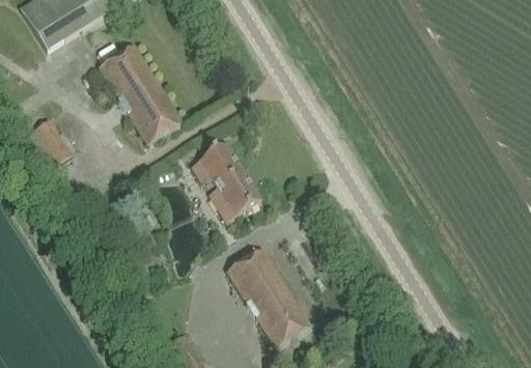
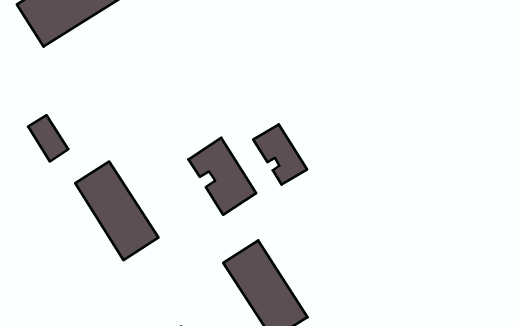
building: [97,44,181,143] -> [75,162,158,260]
building: none -> [253,124,307,185]

